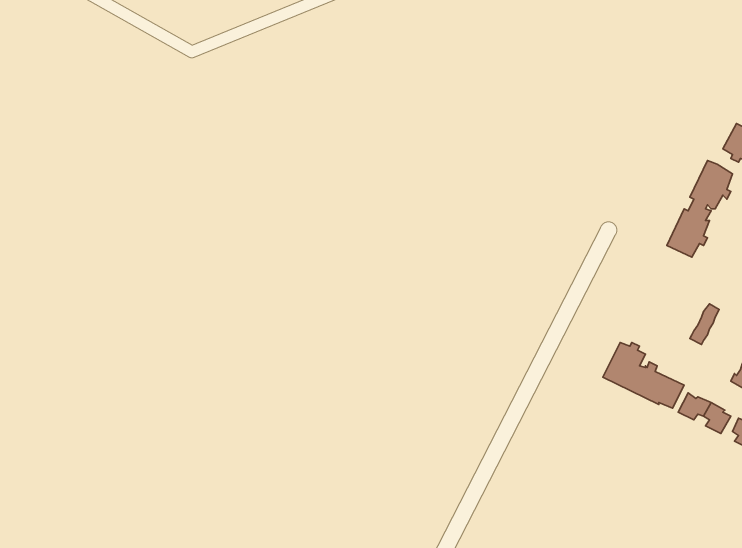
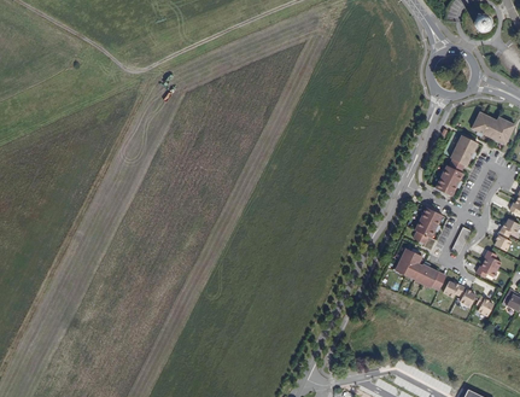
building: none -> [414,208,443,250]

